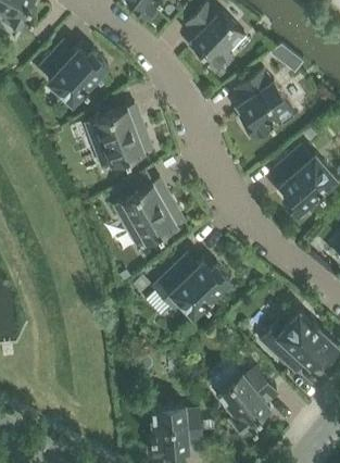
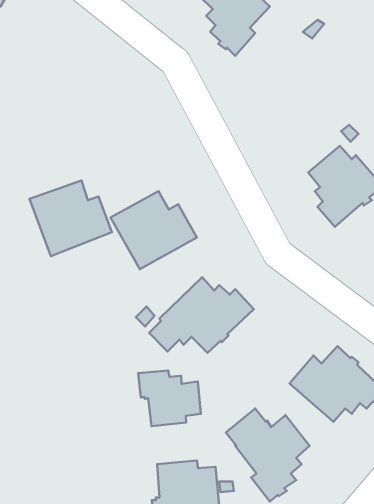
building: [41,42,109,103] -> none
building: [238,71,293,141] -> none
building: [86,108,153,170] -> [30,180,112,256]
building: none -> [138,370,201,426]

